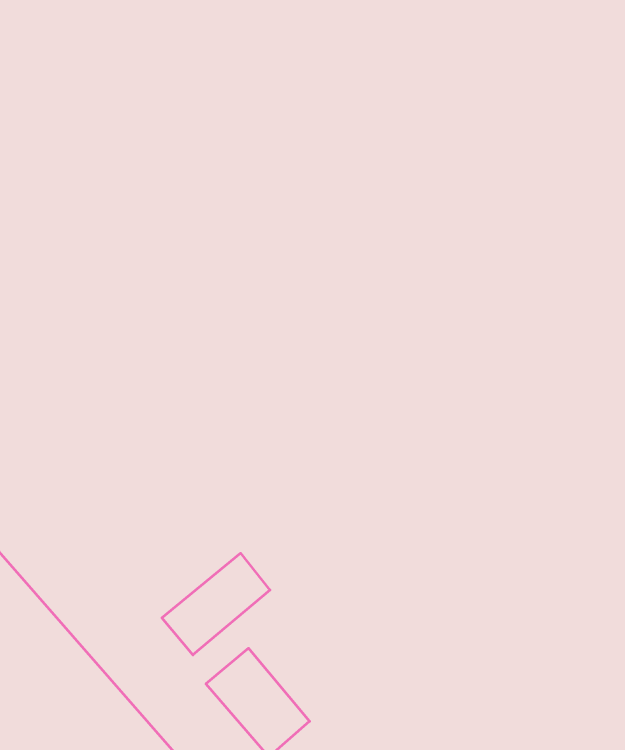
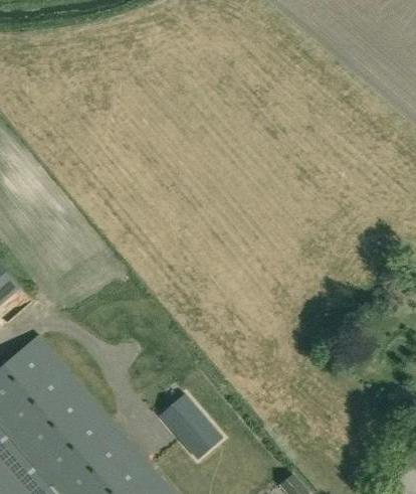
building: [162,553,270,655] -> none

